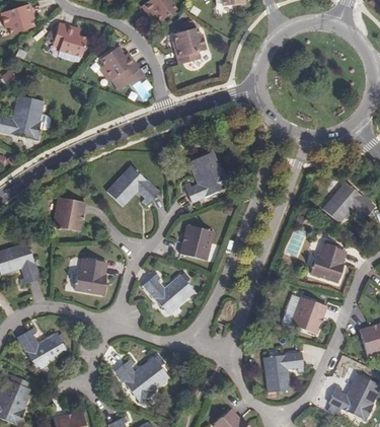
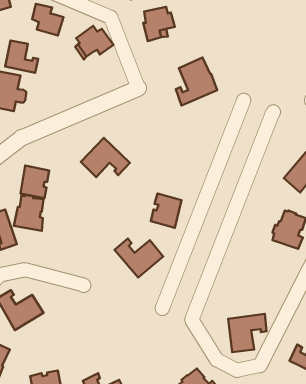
building: none -> [5,40,38,73]
building: [185,151,229,202] -> [176,58,217,106]
building: [74,257,105,294] -> [14,195,44,231]
building: [291,297,326,334] -> none
building: [116,356,170,403] -> none

